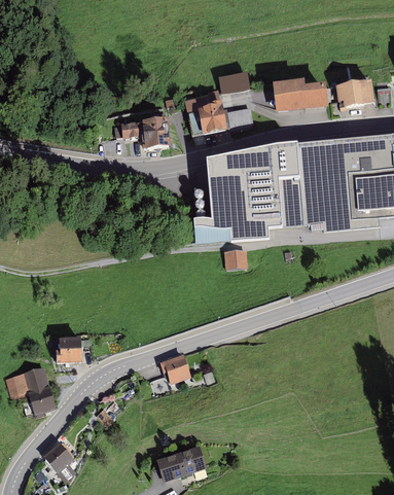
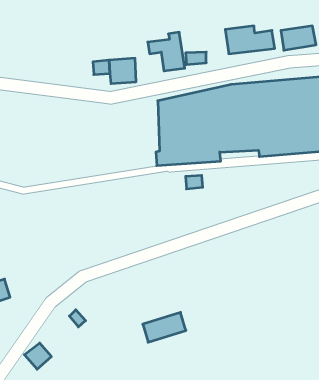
building: [218,72,251,92] -> none
building: [60,338,82,362] -> none
building: [165,354,192,381] -> none
building: [21,363,52,411] -> none
building: [157,446,207,480] -> [143,312,186,342]

